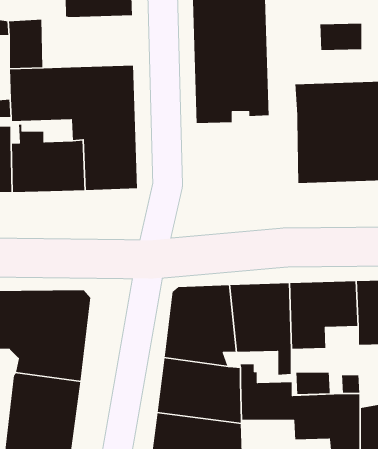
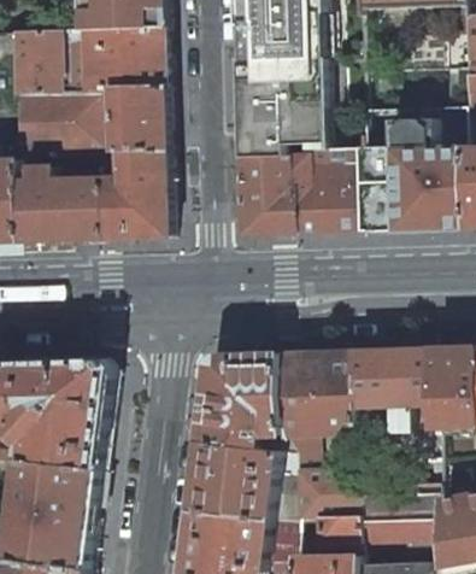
building: none -> [78,28,163,89]
building: none -> [237,150,360,234]
building: [296,372,330,395] -> [315,516,357,544]

